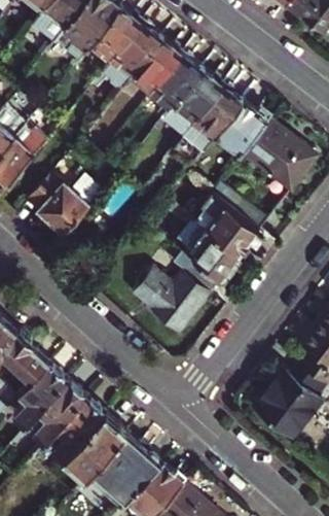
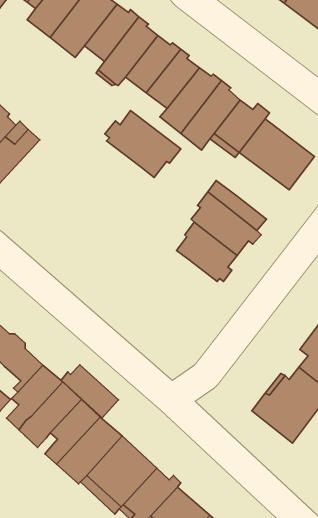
building: none -> [105,111,181,178]
building: [25,171,89,236] -> none
building: [134,259,220,333] -> none
building: none -> [61,365,118,418]

